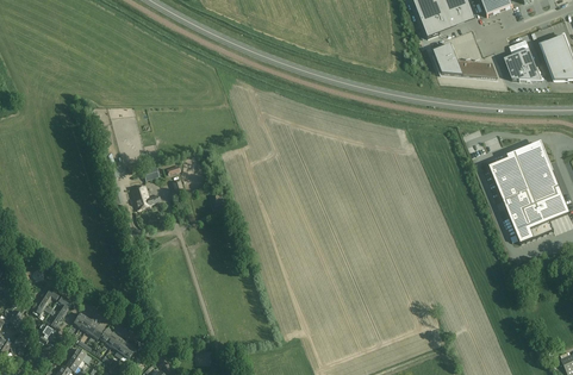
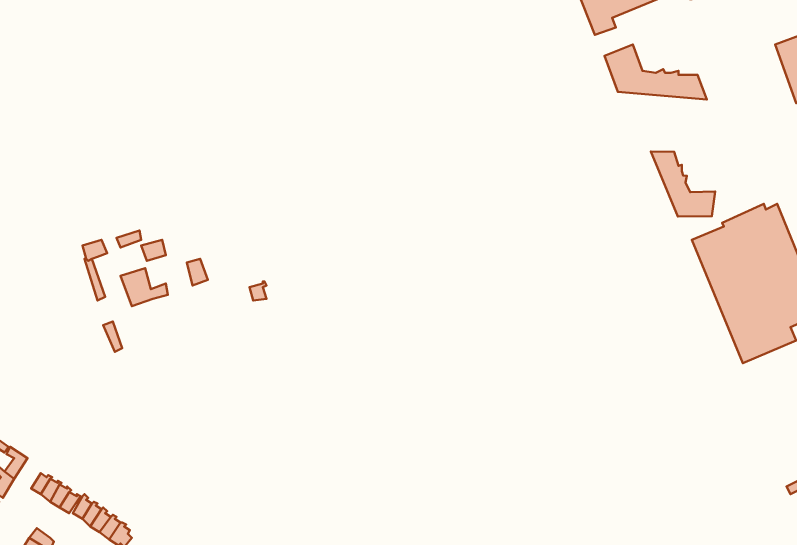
building: [503,46,541,79] -> none
building: none -> [651,152,715,217]

